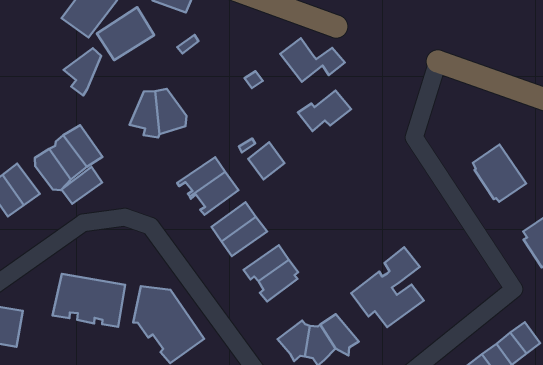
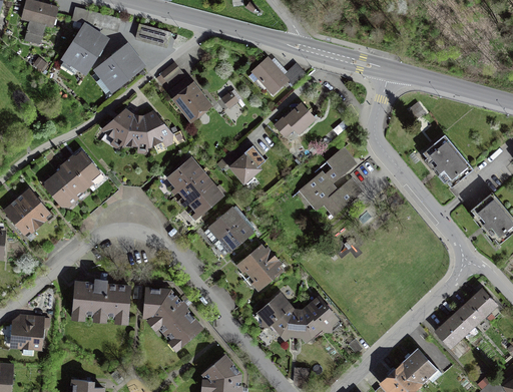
building: [63,48,101,96] -> [101,110,133,152]
building: none -> [167,75,207,117]
building: none -> [163,155,200,193]
building: [61,167,102,204] -> none
building: [351,247,424,327] -> [298,146,362,218]
building: none -> [255,293,289,326]

